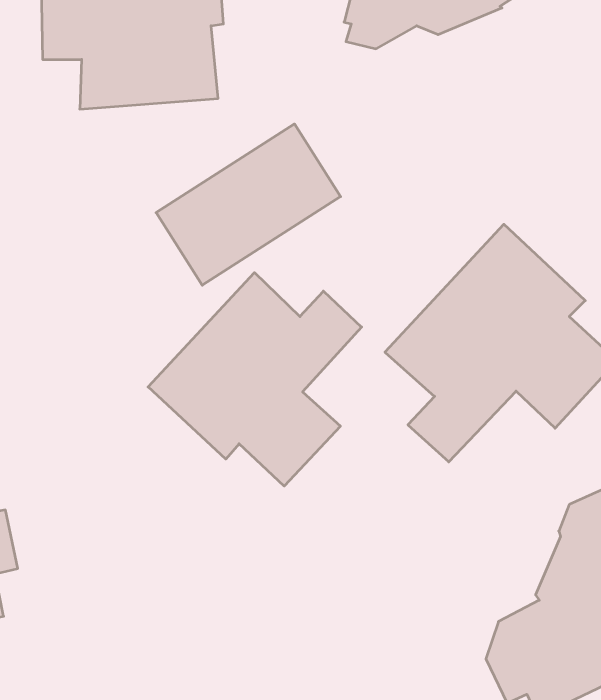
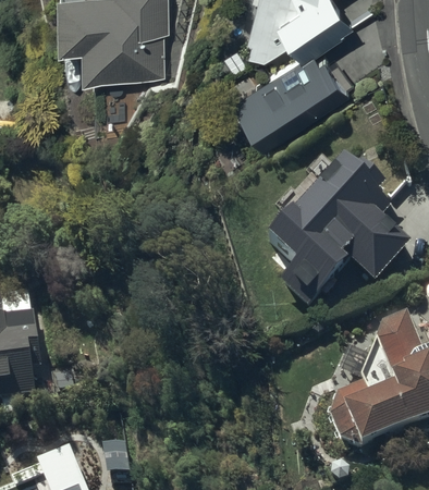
building: [156,124,341,285] -> [234,32,347,131]
building: [148,273,362,486] -> none

